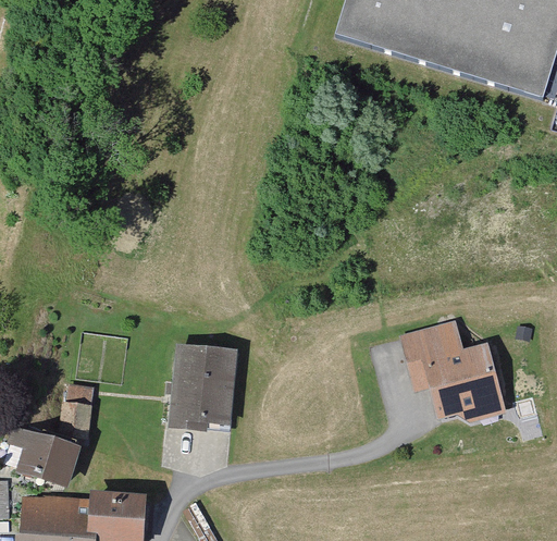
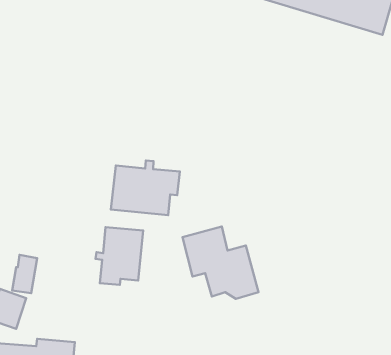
building: none -> [111,161,180,215]
building: [404,321,503,416] -> [183,226,259,299]

